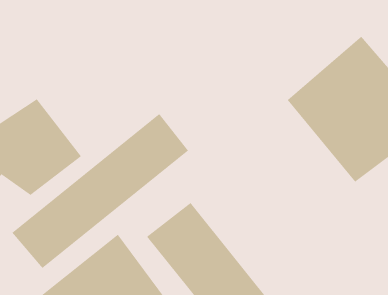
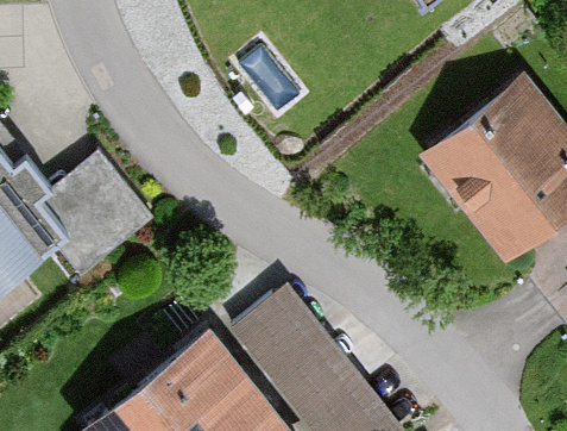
building: [11,113,189,269] -> none

